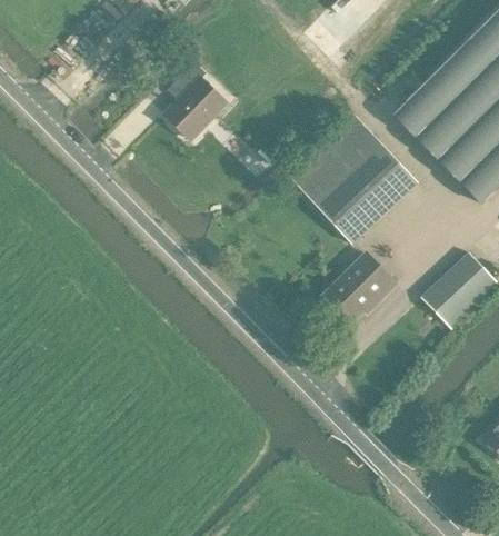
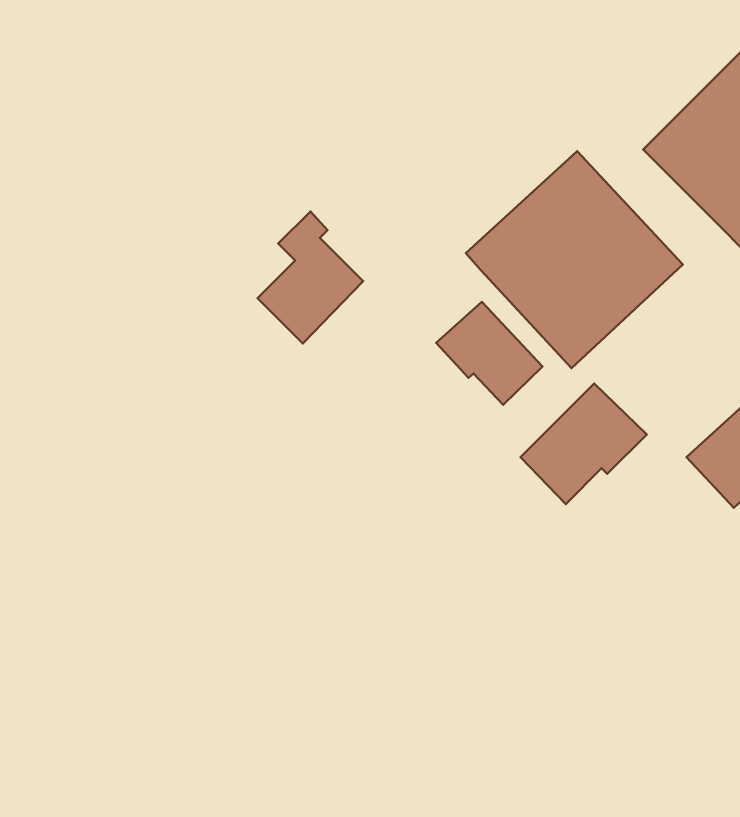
building: [164,61,227,139] -> [258,211,363,344]
building: none -> [436,302,543,405]

